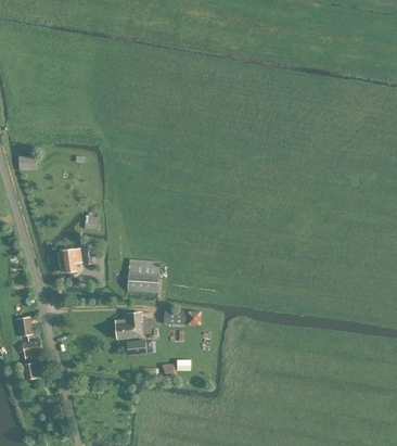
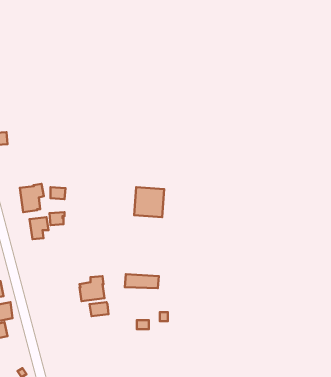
building: none -> [20,184,44,212]
building: [127,259,159,292] -> [134,187,164,217]

